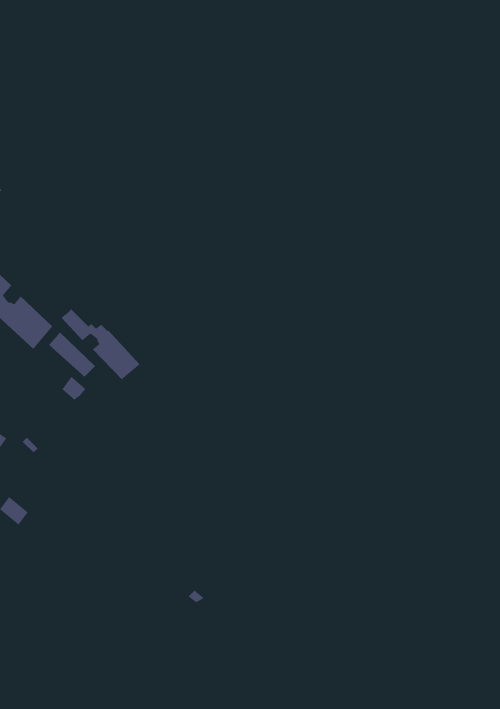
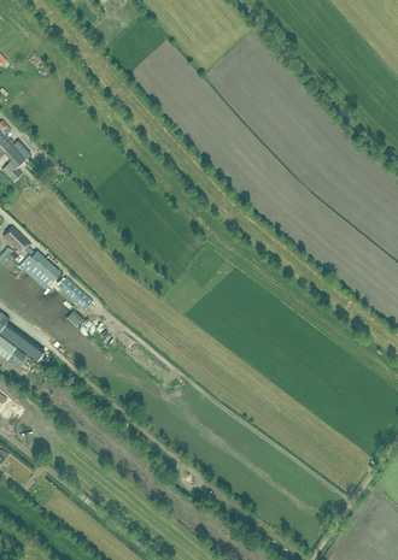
building: [60,308,141,380] -> none

